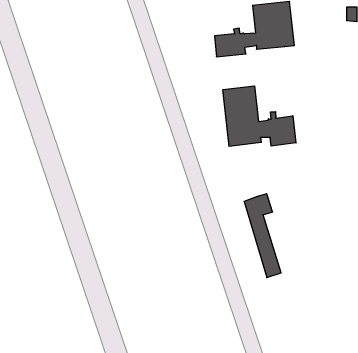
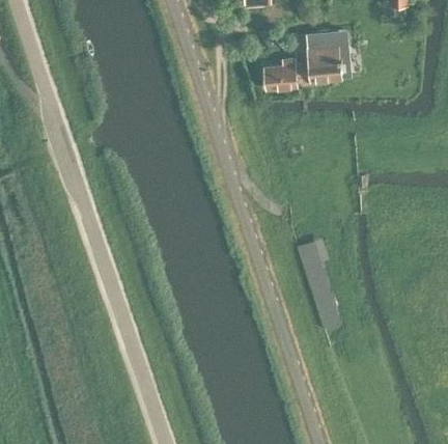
building: [223,86,296,146] -> none

